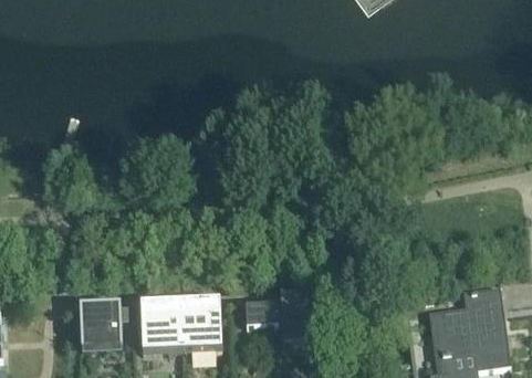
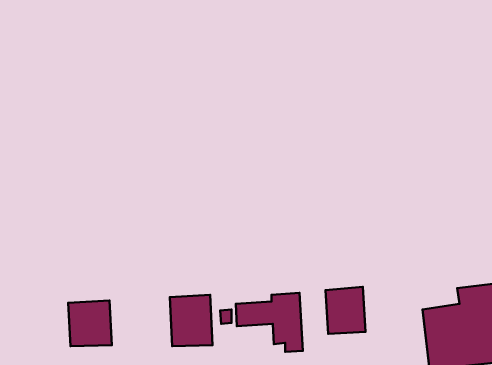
building: none -> [326,287,365,334]
building: [142,307,184,358] -> none

